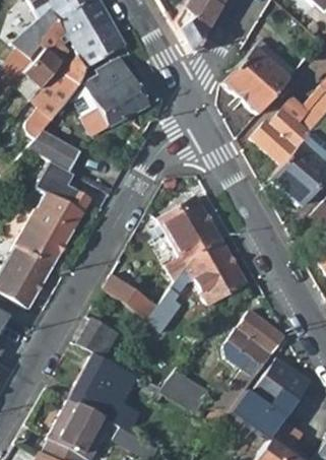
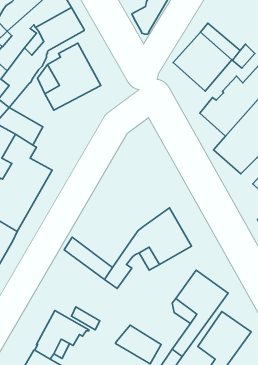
building: [158,198,220,278] -> none
building: [77,318,119,358] -> none

